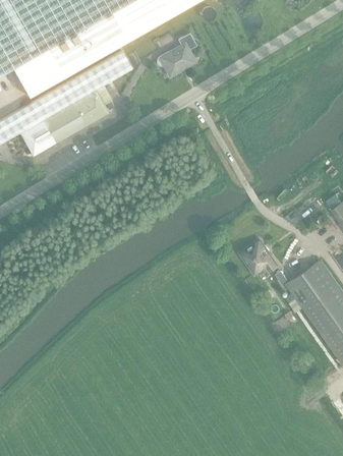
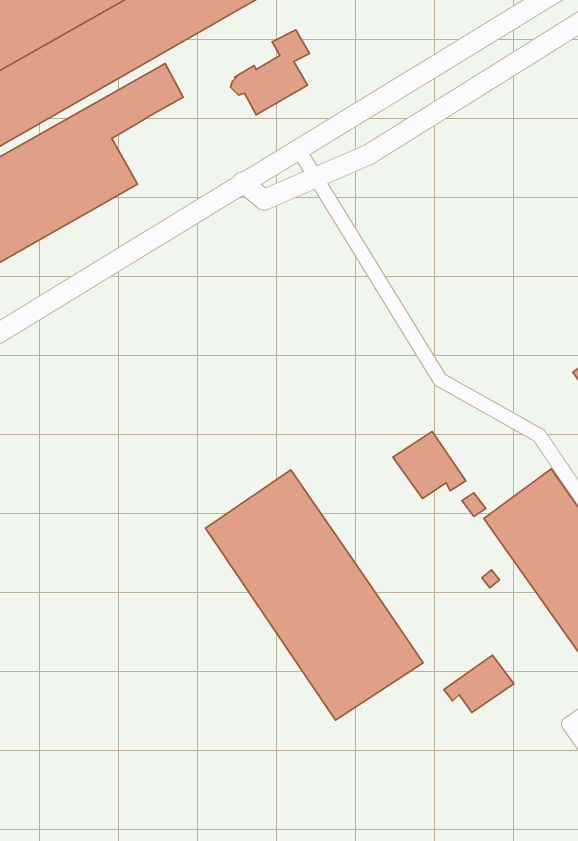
building: none -> [205,470,423,720]
building: none -> [444,655,514,713]

